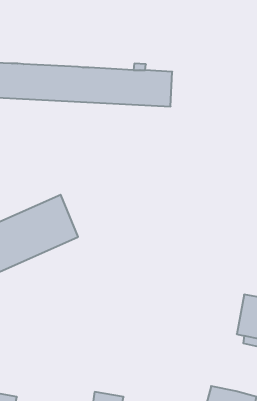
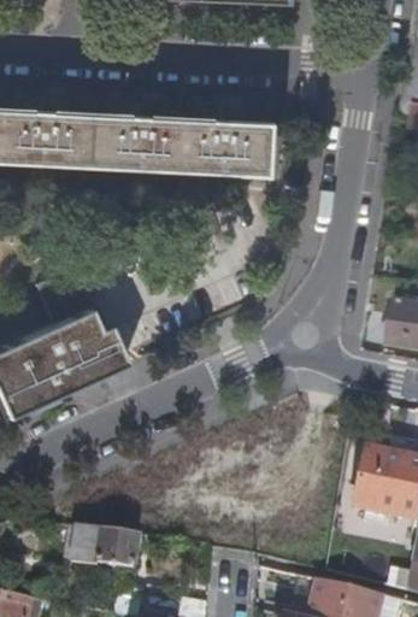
building: none -> [73,529,140,571]

